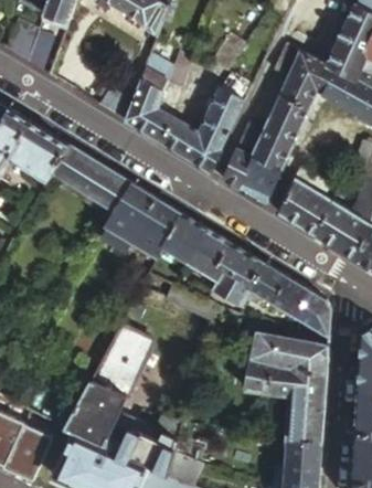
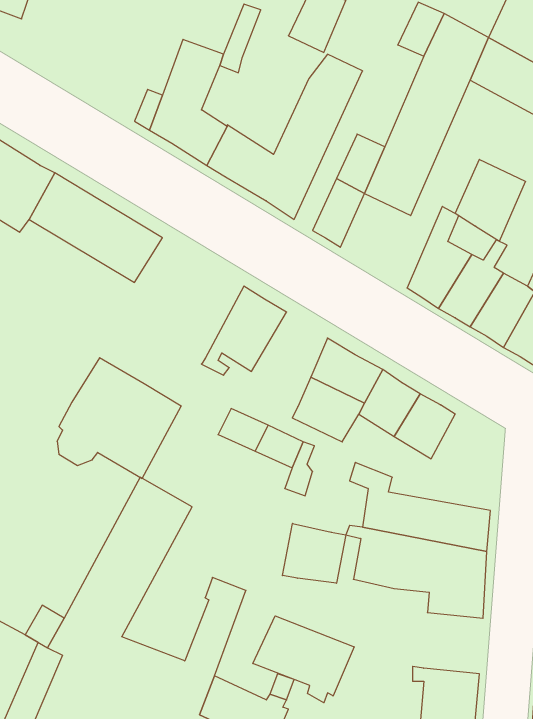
building: [238,158,280,206] -> [455,159,526,241]
building: [107,184,181,256] -> [57,358,181,478]
building: [185,229,231,285] -> none
building: [293,289,330,337] -> none
building: none -> [282,523,346,583]
building: [288,407,323,444] -> none
building: none -> [253,616,354,703]

